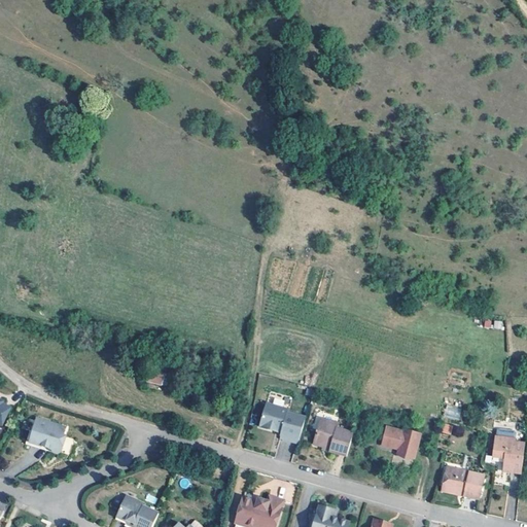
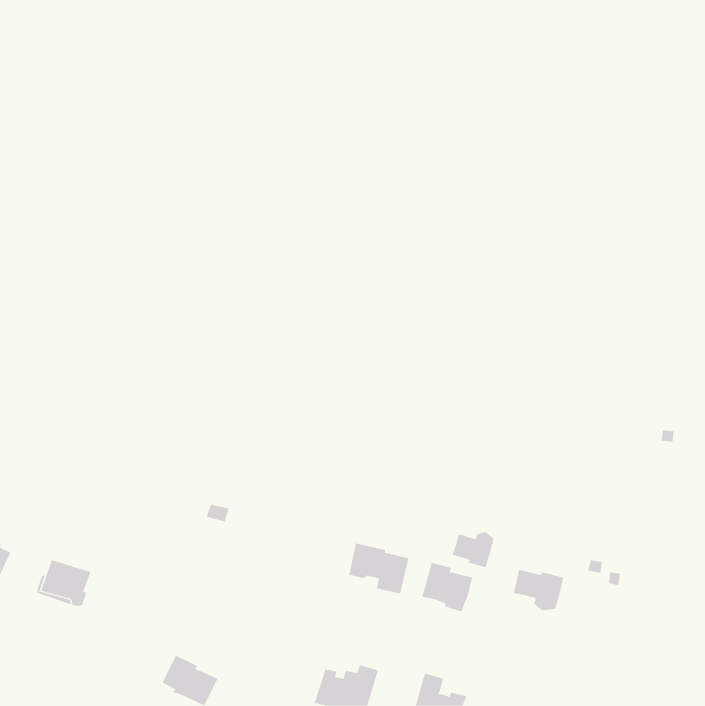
building: none -> [452,531,494,568]
building: [489,434,521,472] -> none
building: [440,467,481,496] -> none

